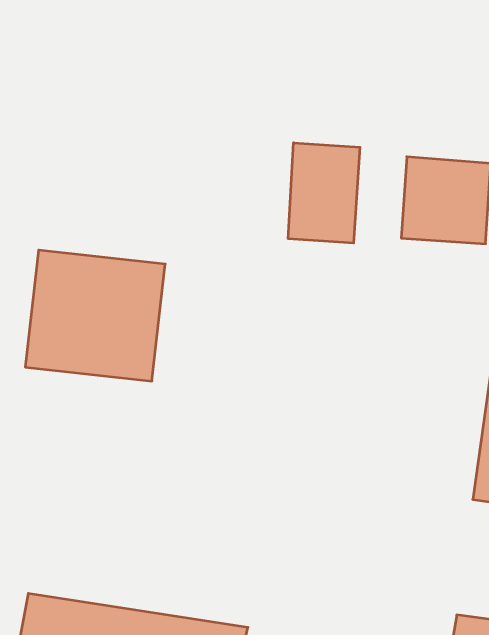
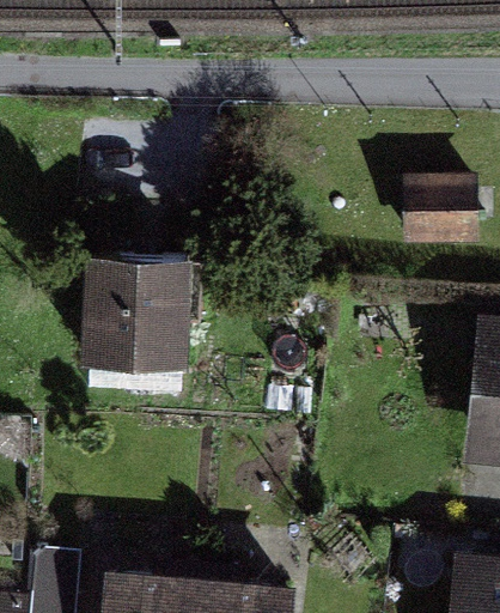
building: [288,143,360,243] -> none

